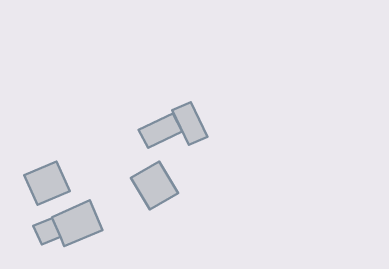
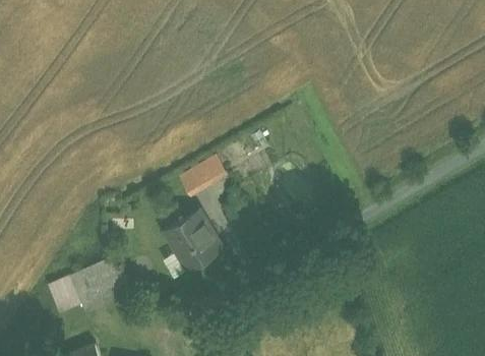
building: [172,102,207,145] -> none
building: [24,161,70,205] -> none

